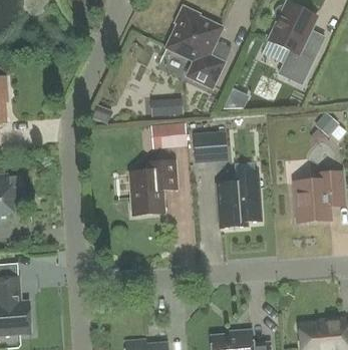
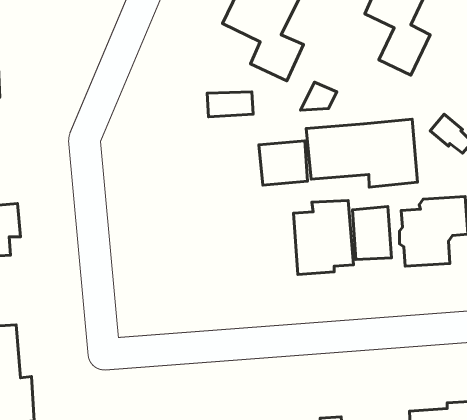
building: none -> [306,119,418,187]
building: [149,122,186,148] -> none
building: [129,159,178,215] -> none
building: none -> [352,206,391,259]

